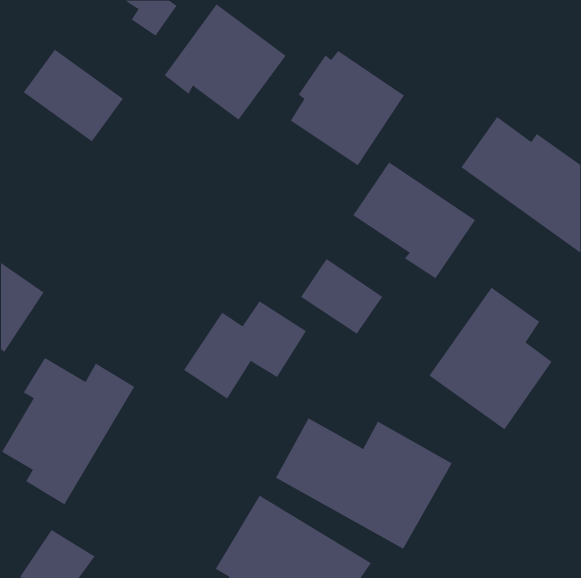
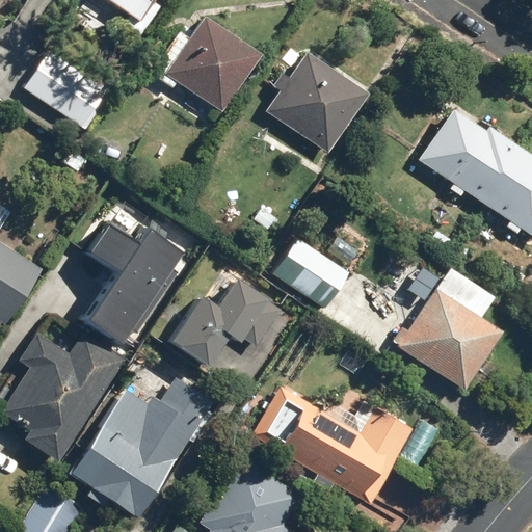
building: [353,161,476,279] -> none
building: none -> [84,222,187,347]
building: none -> [69,377,214,518]

